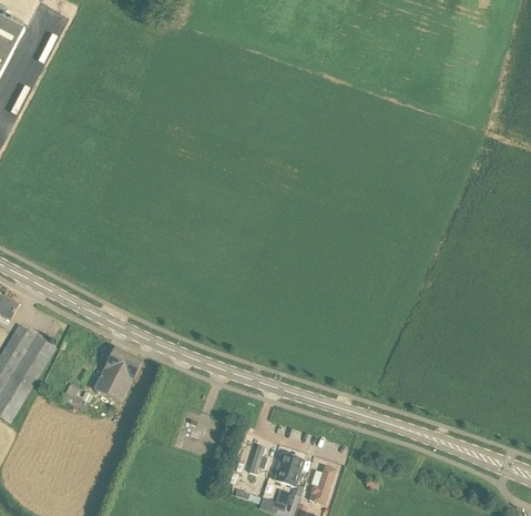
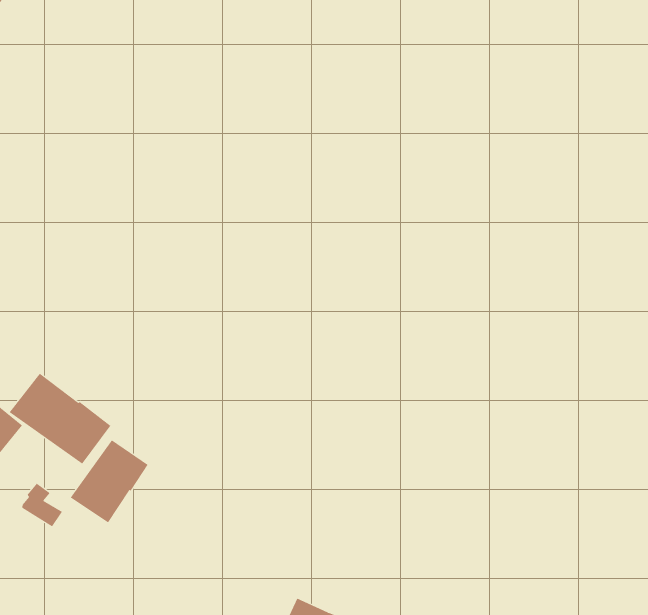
building: none -> [9,373,111,464]

